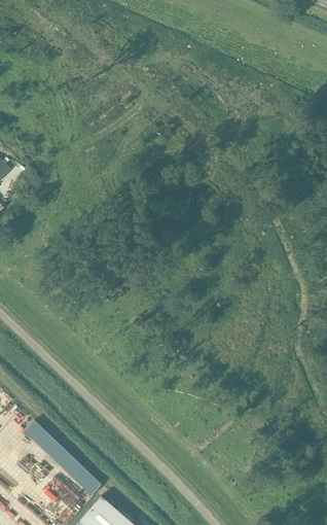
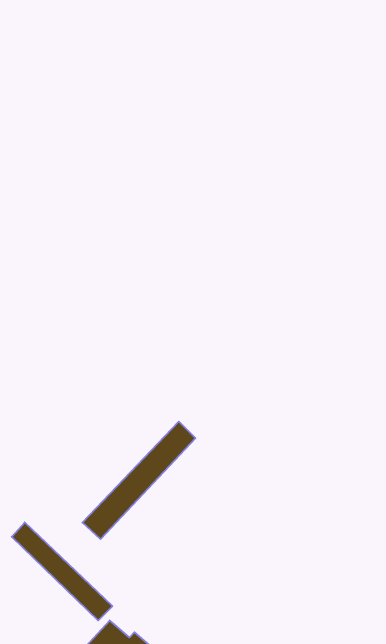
building: none -> [82,422,195,539]

